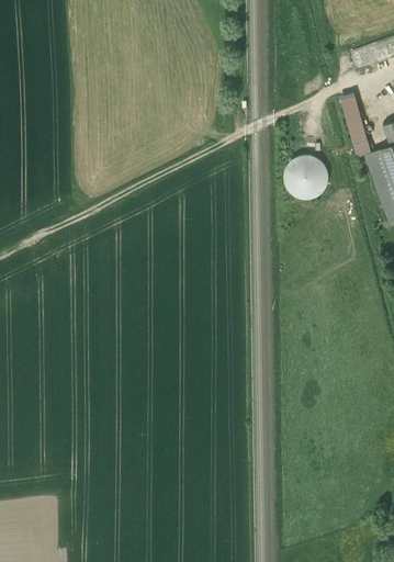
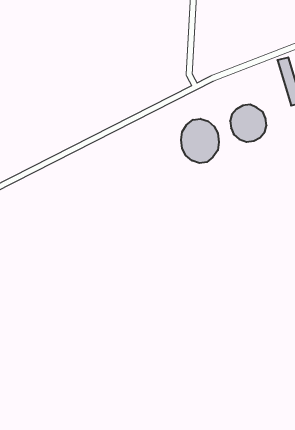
building: none -> [181,119,219,163]

